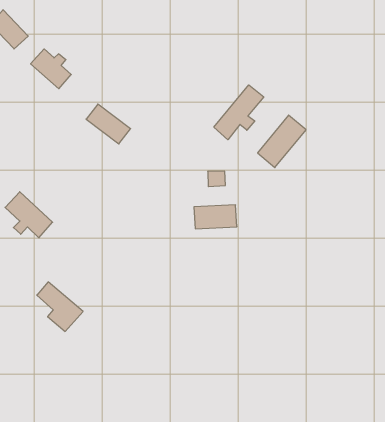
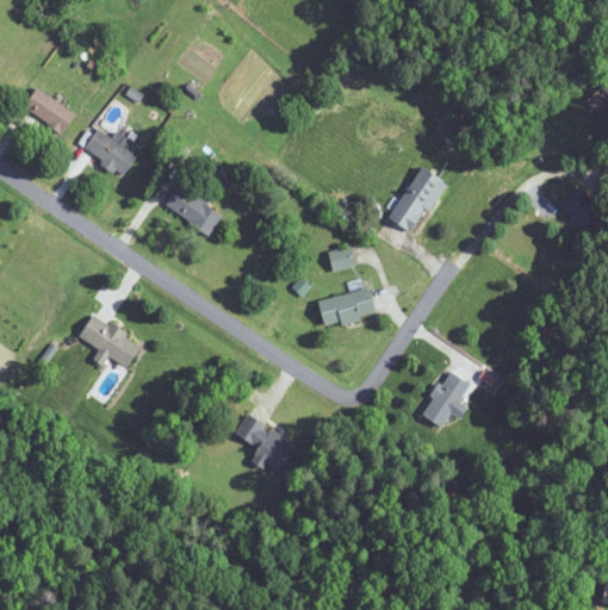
building: [214,85,264,140] -> none
building: none -> [422,371,470,425]
building: [37,282,83,331] -> [235,413,297,473]

